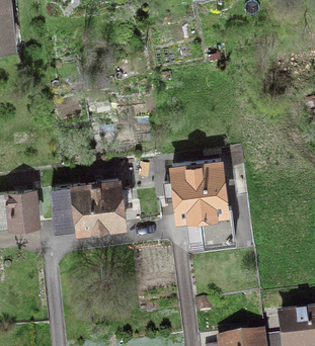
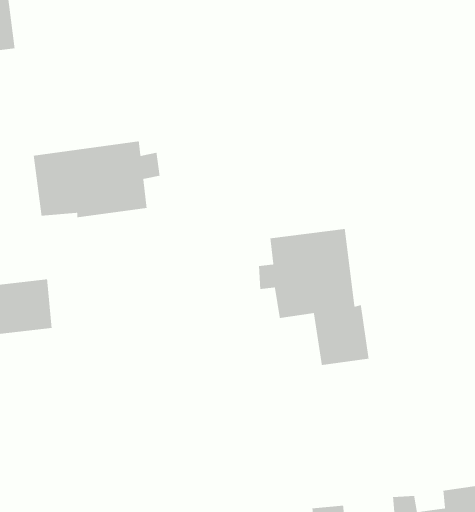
building: [51,177,131,226] -> [33,141,160,218]

